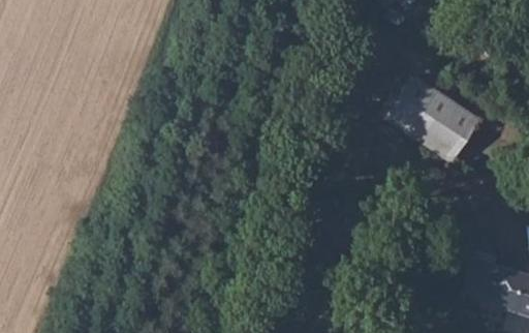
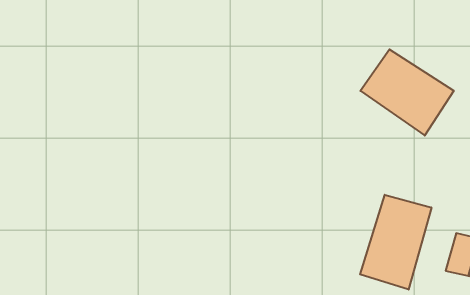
building: none -> [360,195,431,290]

